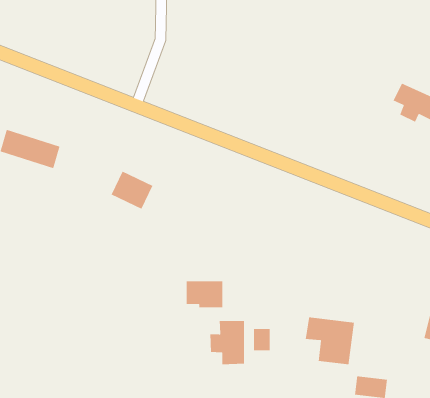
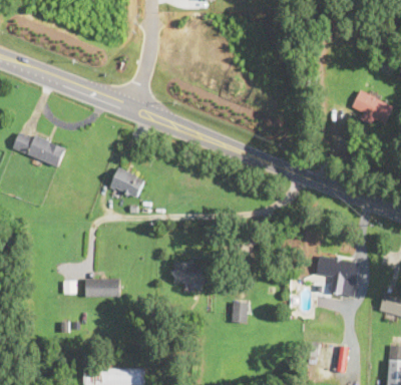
building: none -> [84,278,119,297]
building: [305,316,355,365] -> [316,255,359,297]
building: [209,320,245,365] -> none

